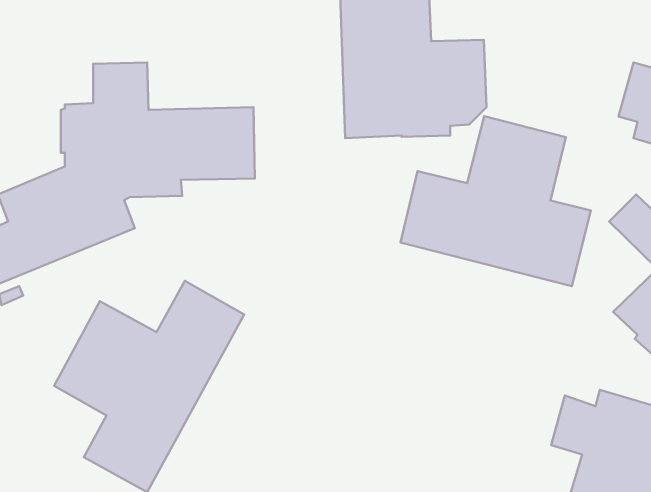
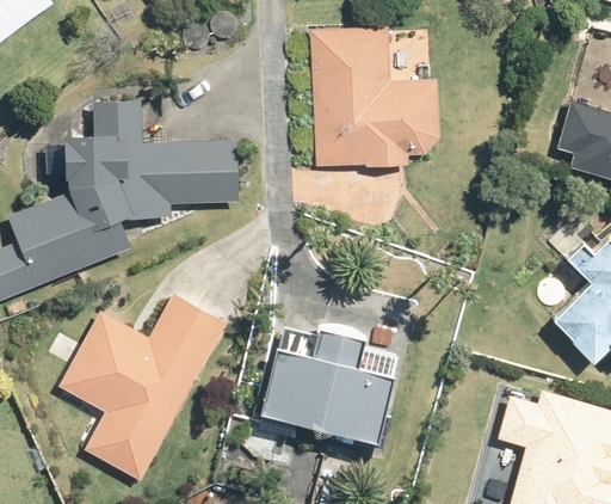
building: [400,116,591,286] -> none
building: none -> [259,327,394,445]

